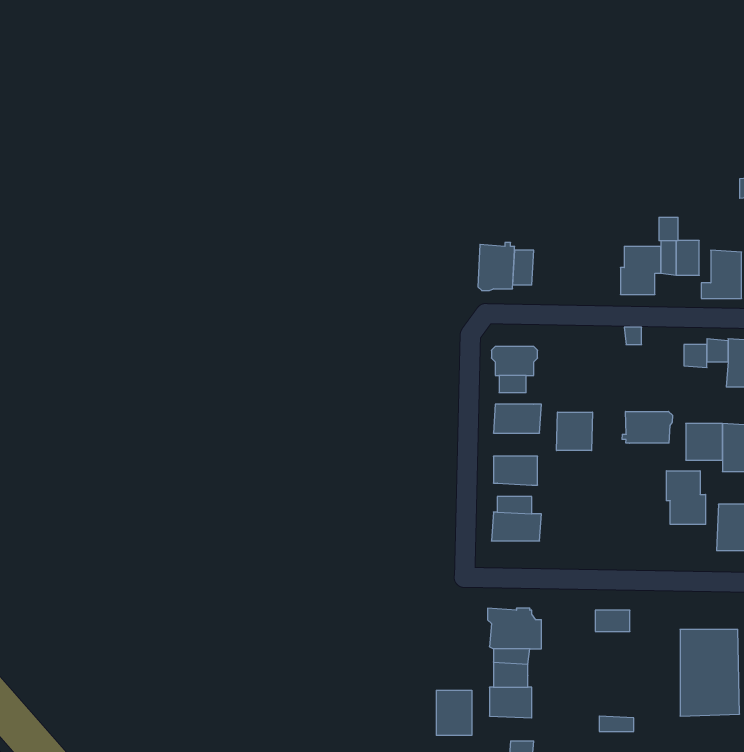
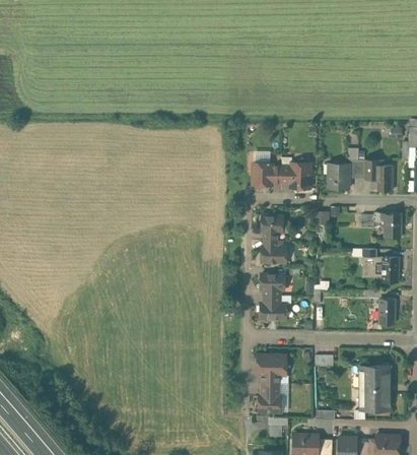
building: none -> [289,161,310,187]
building: [622,411,672,443] -> none
building: [557,412,592,451] -> none
building: [666,471,706,524] -> none
building: [436,690,472,735] -> none

